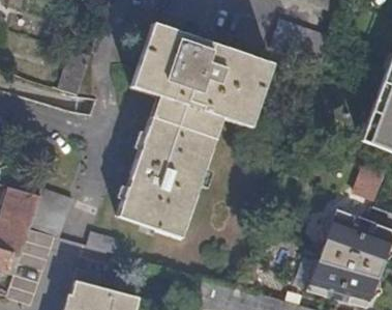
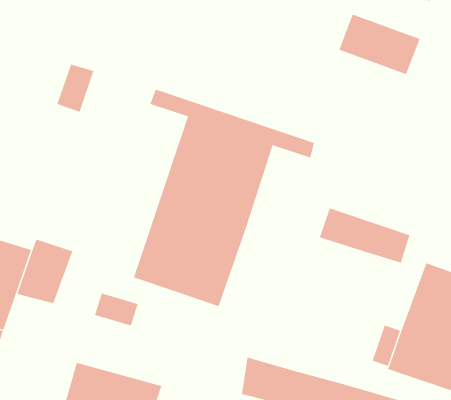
building: [135,25,273,117] -> none
building: none -> [319,207,410,263]

